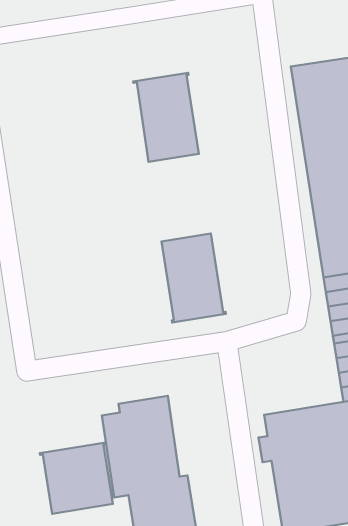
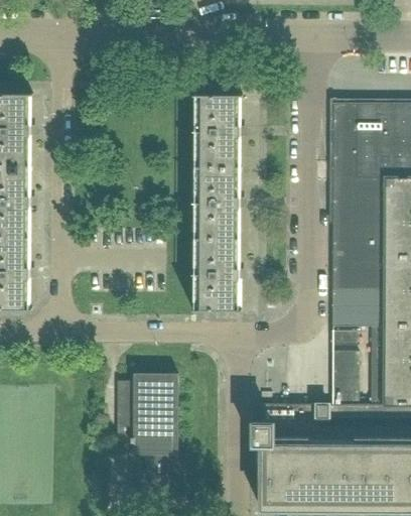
building: none -> [194,164,240,236]
building: [40,443,113,514] -> none

